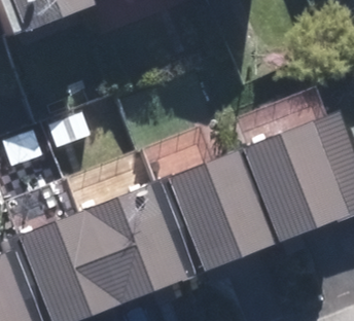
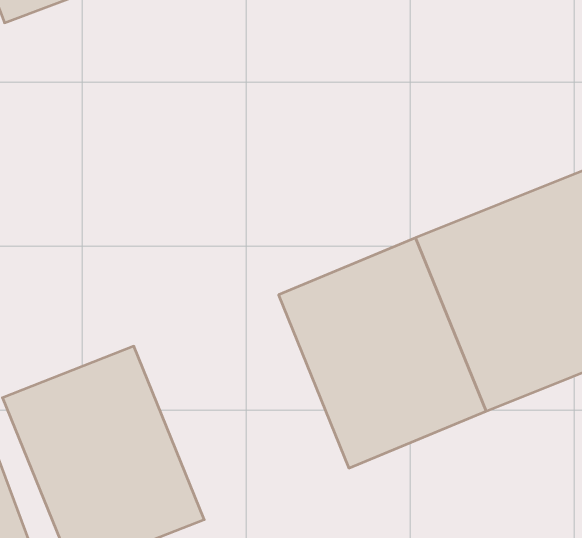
building: [88,181,192,301] -> none

